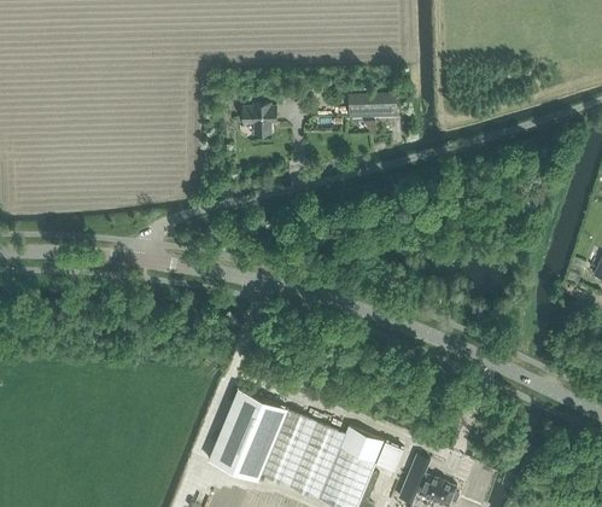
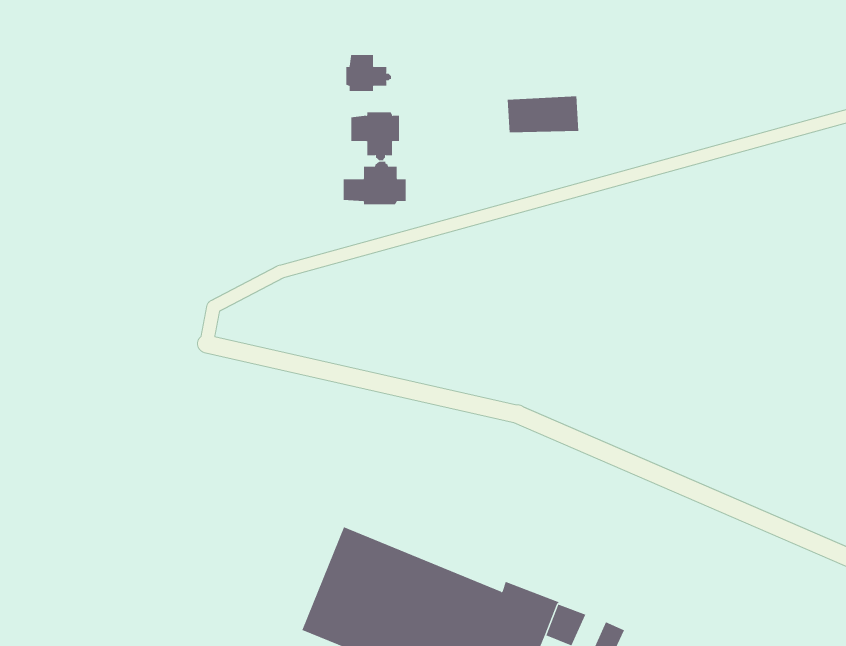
building: none -> [346,54,392,92]
building: none -> [343,161,406,205]

